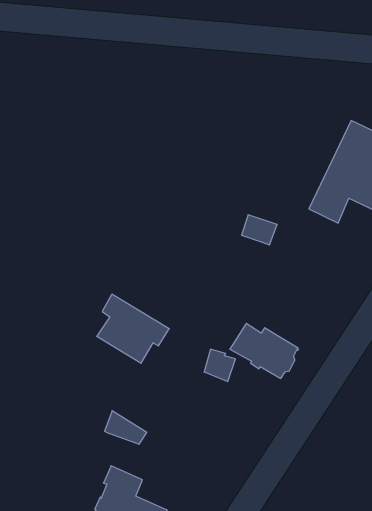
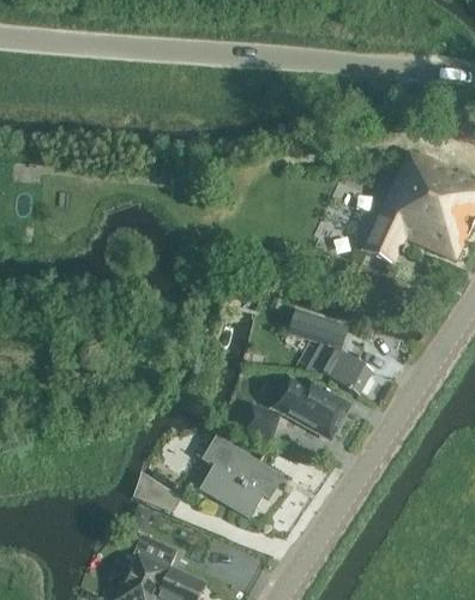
building: [242,215,277,245] -> [288,310,327,343]
building: [97,294,169,363] -> [200,440,281,517]
building: none -> [320,348,373,394]

